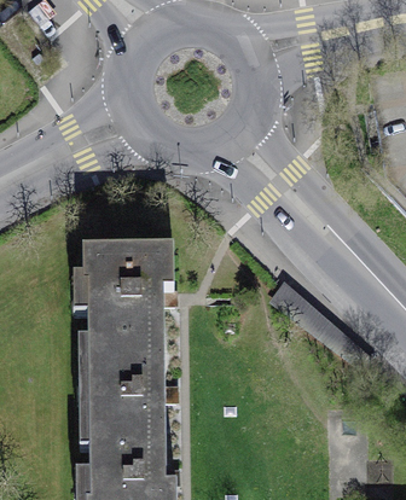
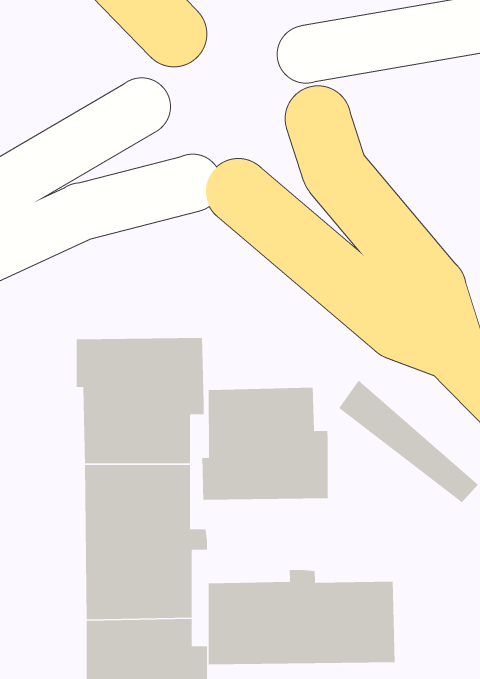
building: none -> [201,387,328,501]
building: none -> [208,569,396,665]

